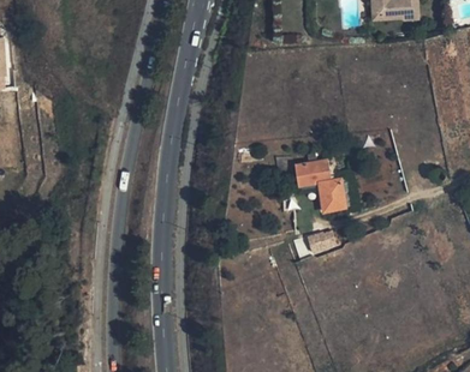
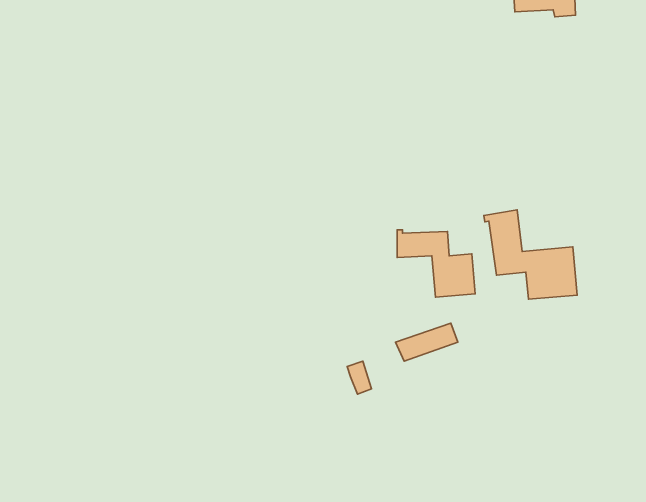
building: none -> [484,210,577,299]

